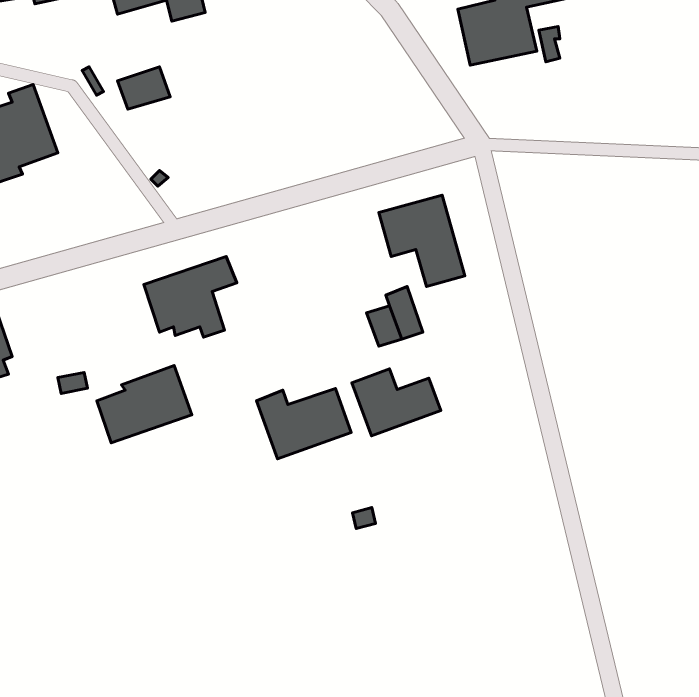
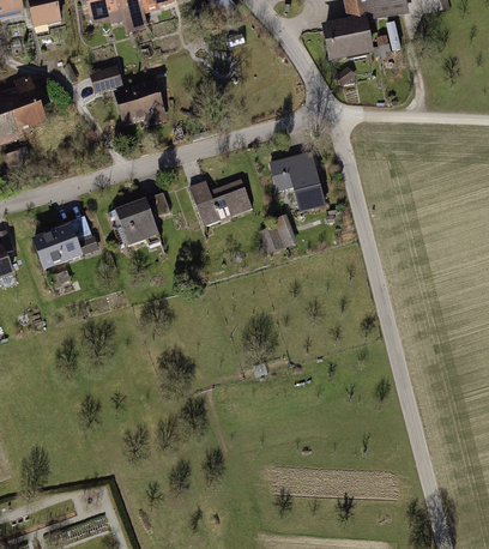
building: none -> [113,77,168,126]
building: [97,366,192,443] -> [32,215,97,267]
building: [352,369,441,436] -> none
building: [256,389,351,459] -> [187,177,252,225]

